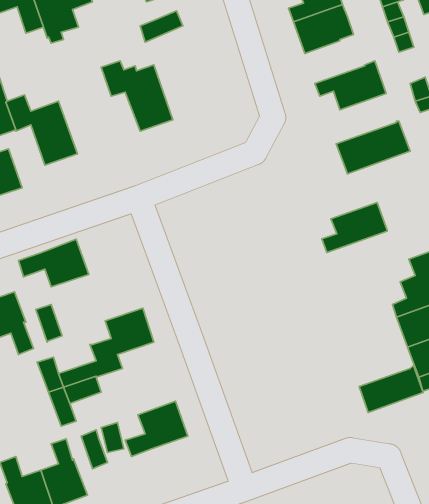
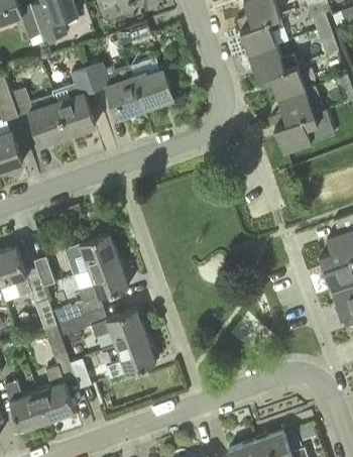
building: none -> [249,46,298,81]
building: none -> [128,59,173,110]
building: none -> [50,68,95,137]
building: [322,202,387,253] -> [270,89,323,129]
building: [19,239,89,287] -> [63,233,119,271]
building: [359,366,423,412] -> none
building: none -> [90,310,145,347]

